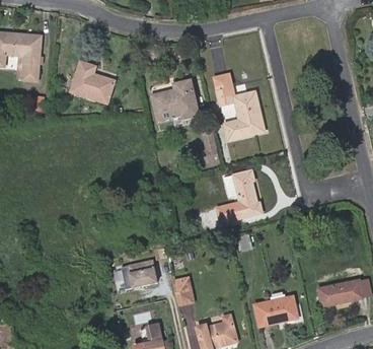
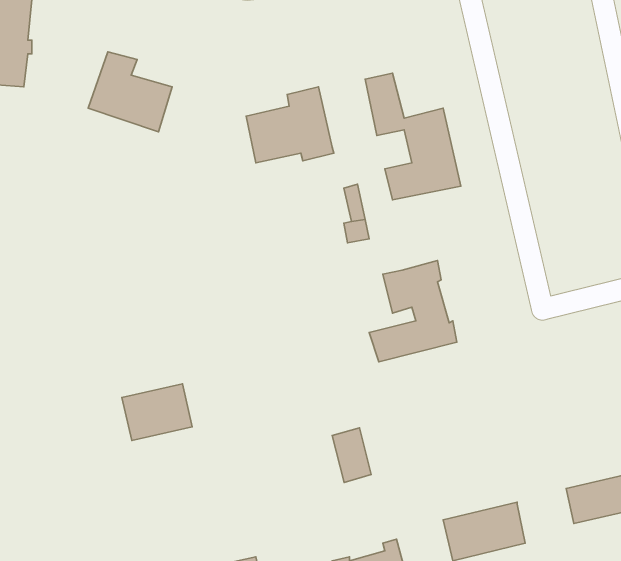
building: [119,260,155,289] -> [122,384,192,440]
building: [171,277,192,305] -> [332,428,371,482]

